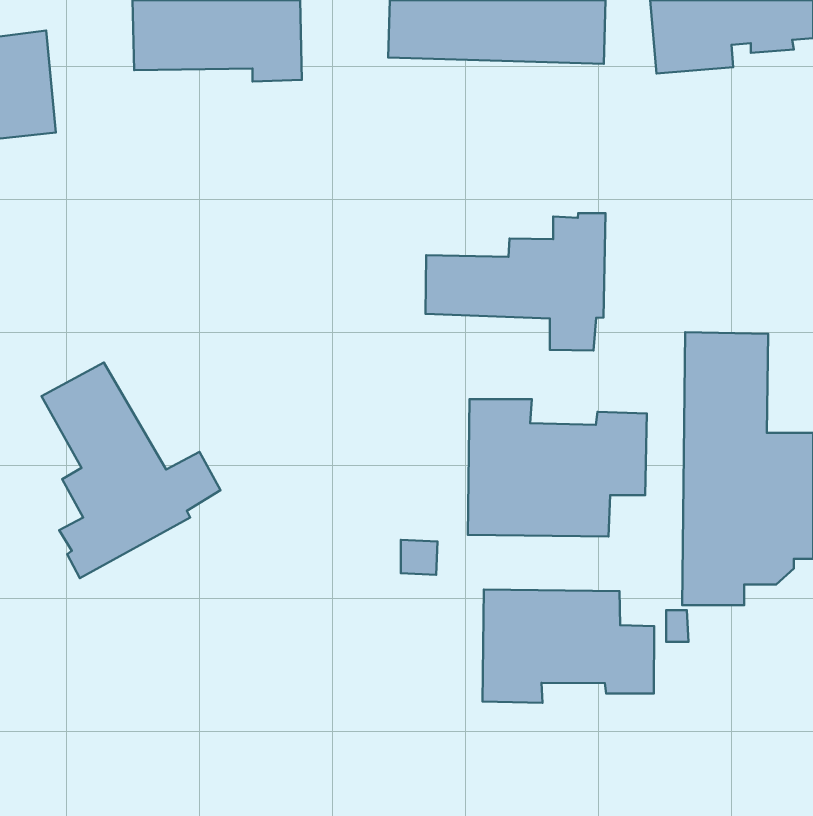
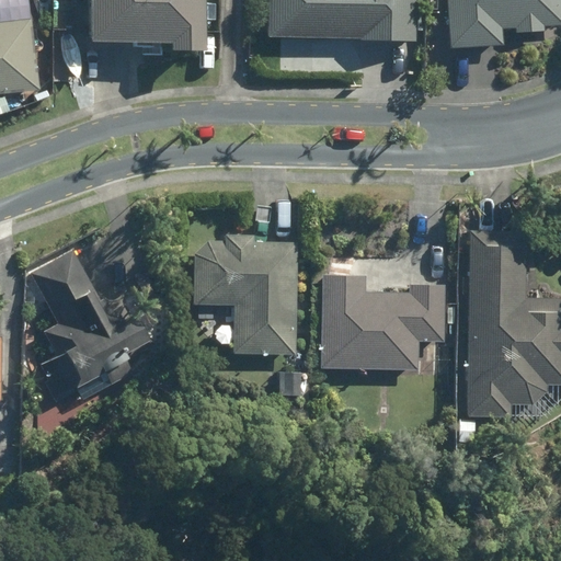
building: [426,213,606,350] -> none
building: none -> [193,233,297,353]
building: [482,589,654,703] -> none

